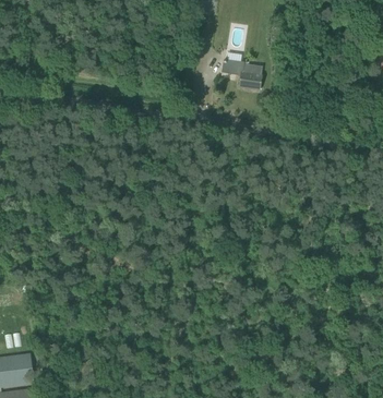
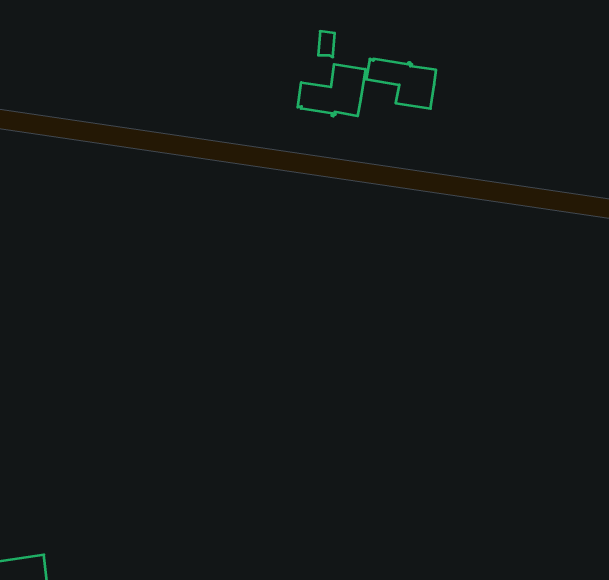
building: none -> [298,64,365,116]

